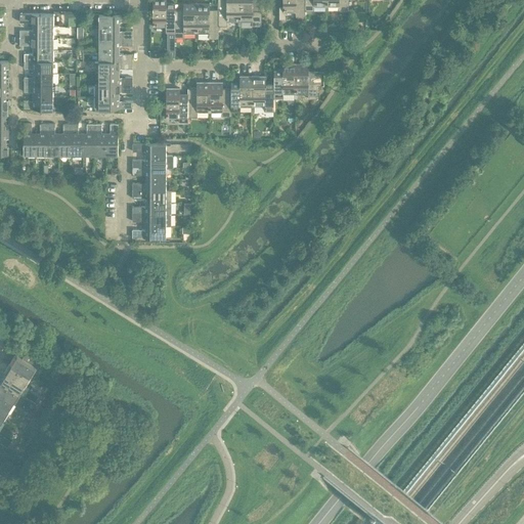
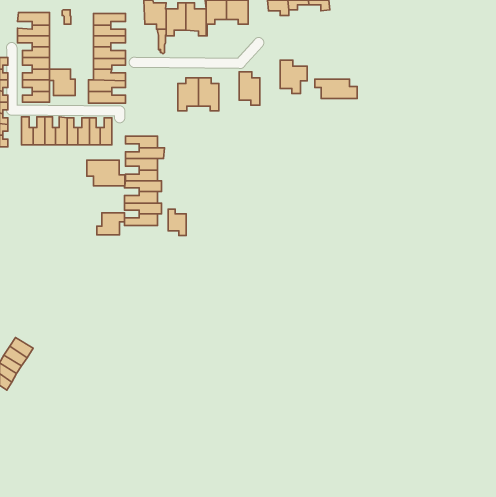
building: [273,63,295,98] -> none
building: none -> [50,69,75,96]
building: [230,76,252,111] -> none
building: none -> [315,79,357,99]
building: [166,88,187,123] -> none
building: none -> [87,160,125,186]
building: none -> [168,209,186,236]
building: none -> [97,213,124,235]

